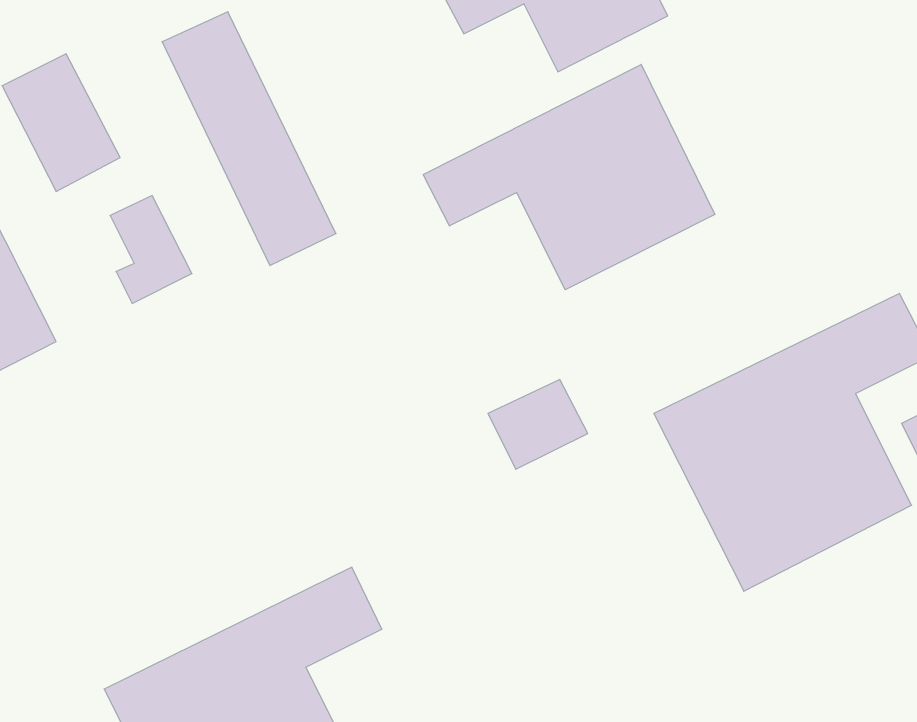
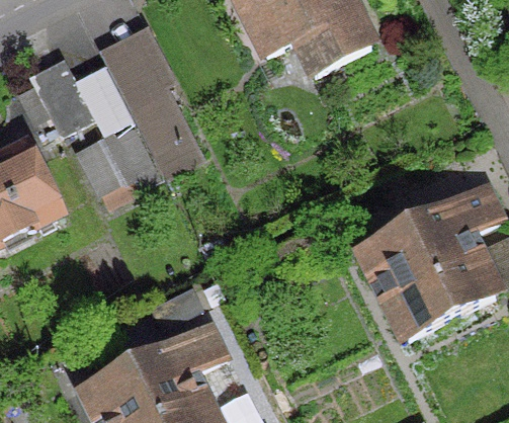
building: [423,64,715,290] -> none

